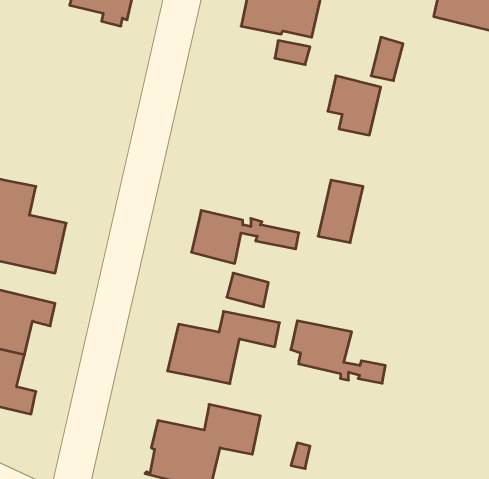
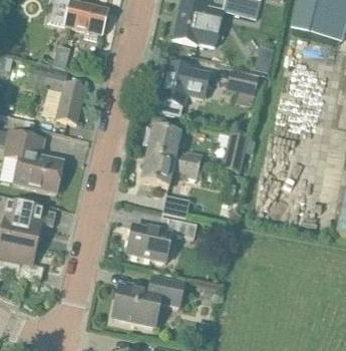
building: none -> [158,60,210,114]
building: none -> [26,61,88,122]
building: [291,321,385,383] -> [142,125,202,164]

